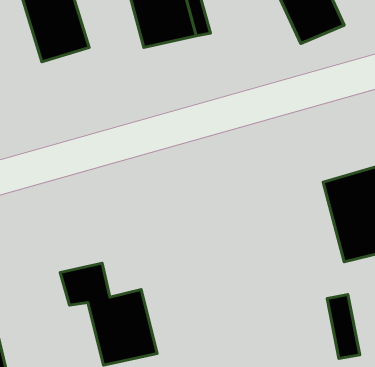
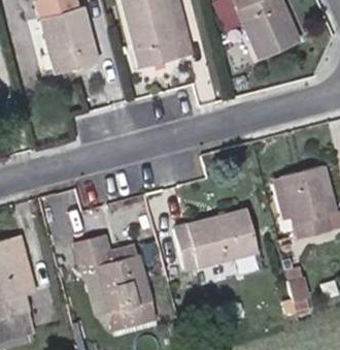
building: none -> [167,199,253,264]

